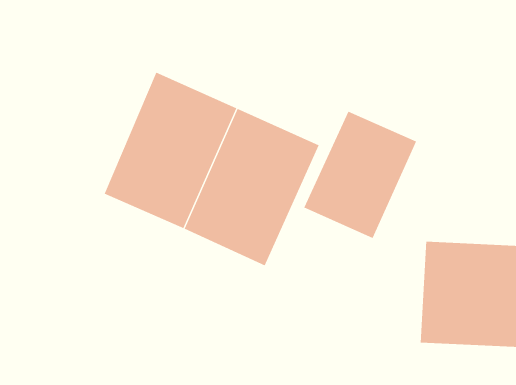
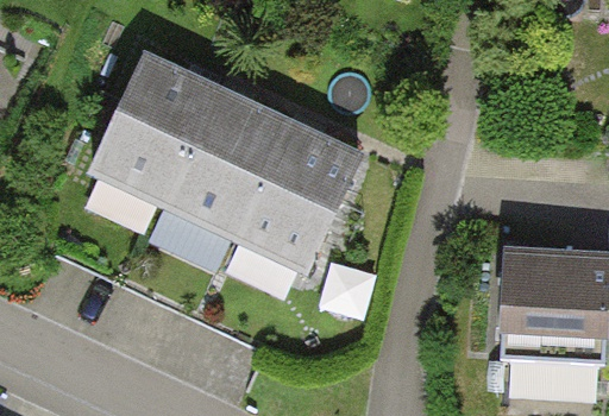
building: none -> [84,53,206,210]
building: [304,111,417,239] -> none

